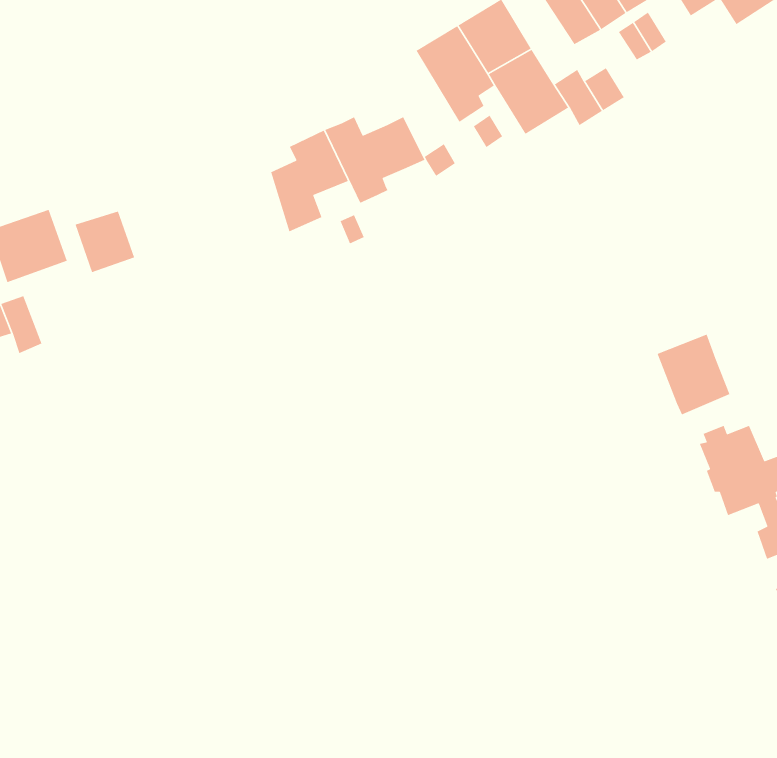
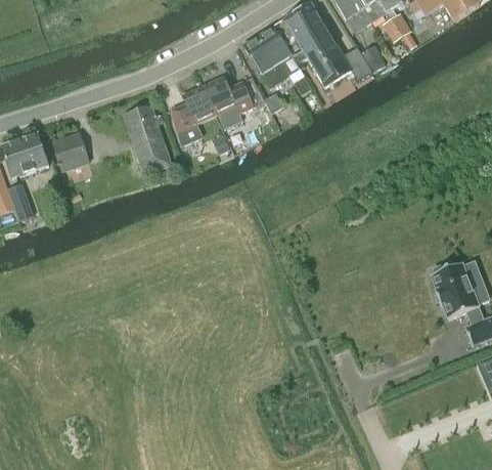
building: none -> [243,36,285,88]
building: none -> [124,105,171,173]
building: [657,334,731,415] -> none

